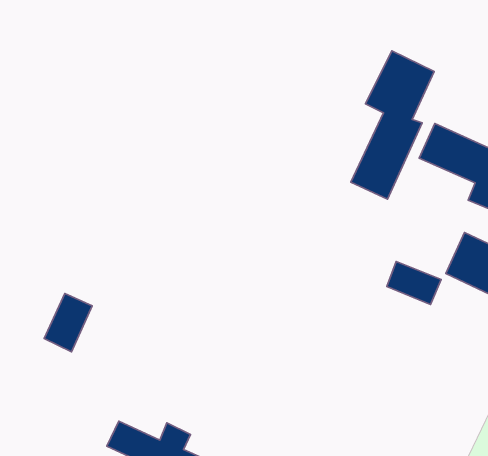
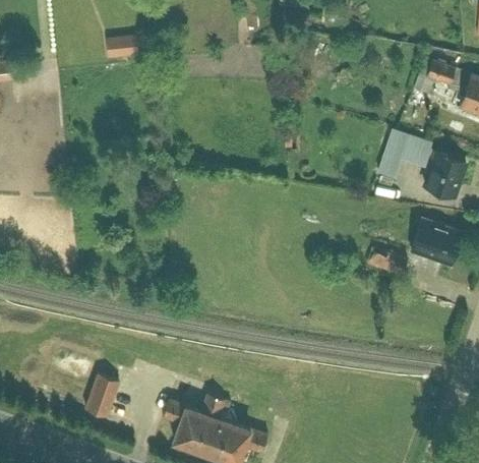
building: [351,51,434,199] -> none
building: [44,294,92,352] -> [84,371,119,416]

